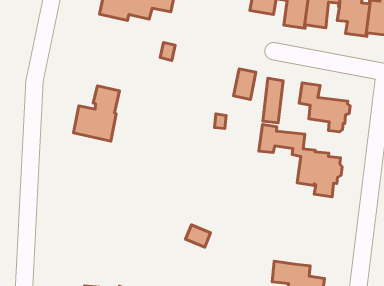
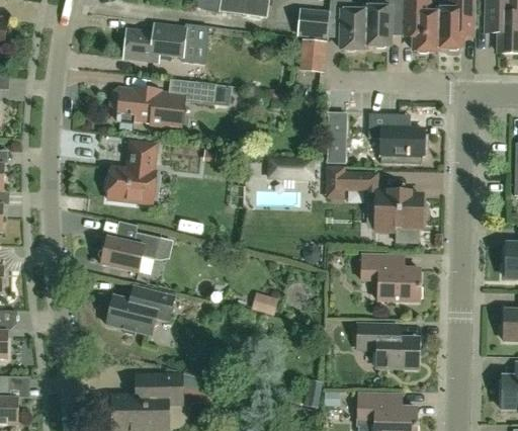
building: none -> [109,86,184,131]
building: [234,69,256,99] -> [303,41,326,76]
building: none -> [97,231,160,271]
building: none -> [360,254,420,300]
building: none -> [105,286,174,335]

